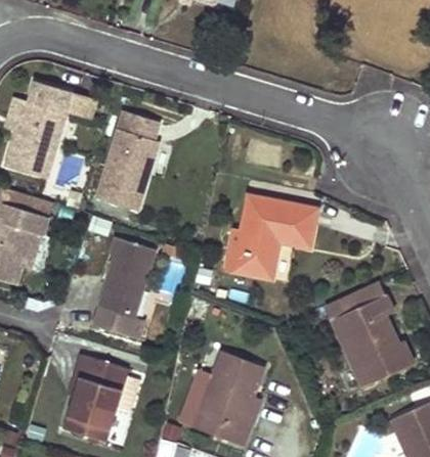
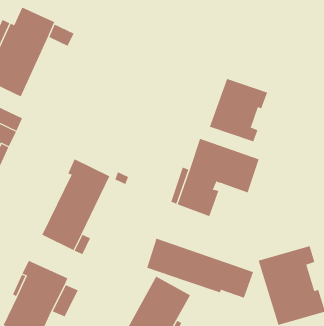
building: [96,110,157,211] -> none
building: none -> [209,78,268,142]
building: none -> [146,238,254,298]

